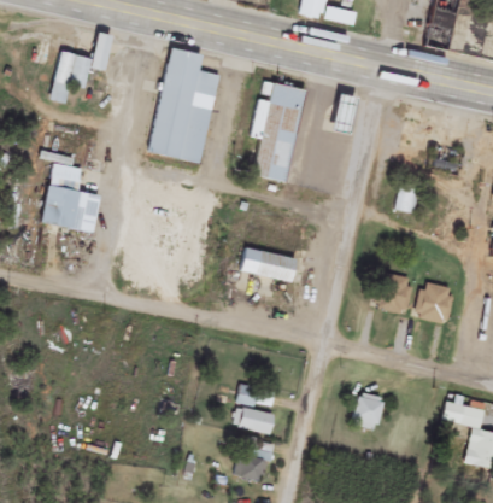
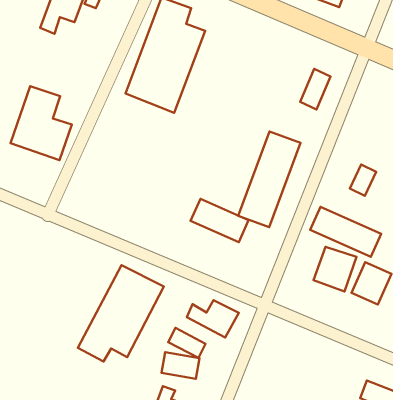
building: [253,83,304,181] -> [238,131,300,227]
building: none -> [310,207,381,257]
building: none -> [78,265,164,361]
building: none -> [187,300,239,338]
building: [352,392,386,429] -> none

